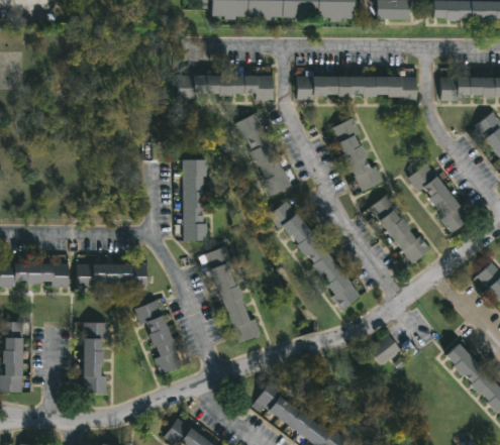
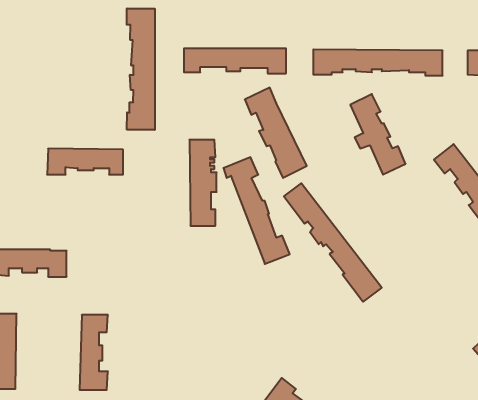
building: none -> [127,8,155,130]
building: [371,194,431,263] -> none
building: [201,246,263,345] -> [223,157,290,264]
building: [77,262,147,287] -> [47,149,123,175]
building: [132,300,181,373] -> none
building: [369,333,402,365] -> none

